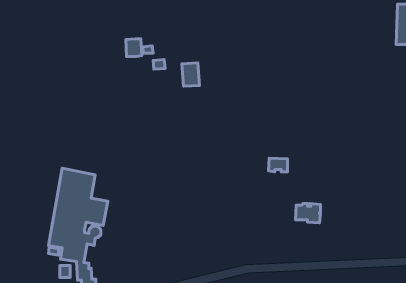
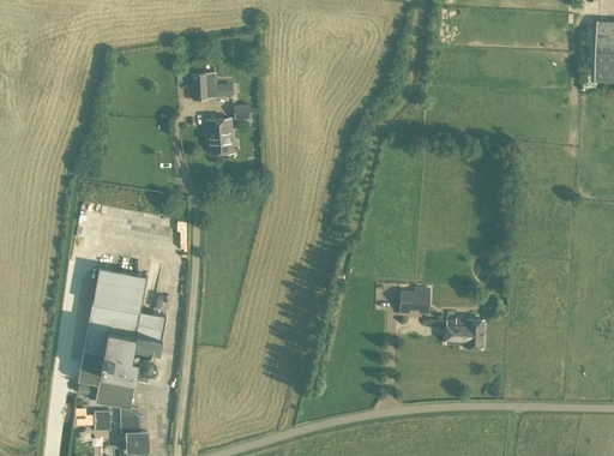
building: [182,63,200,86] -> [206,119,233,154]
building: [268,158,288,172] -> [399,293,428,313]

